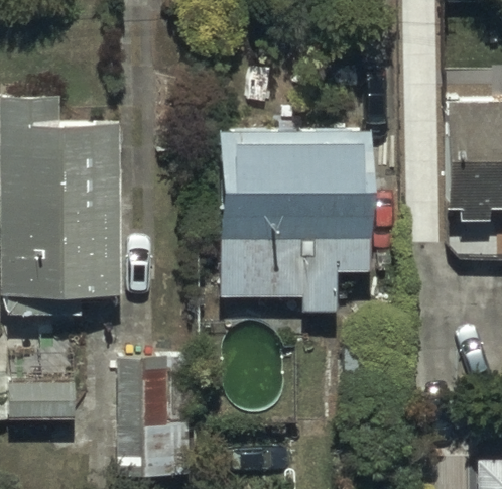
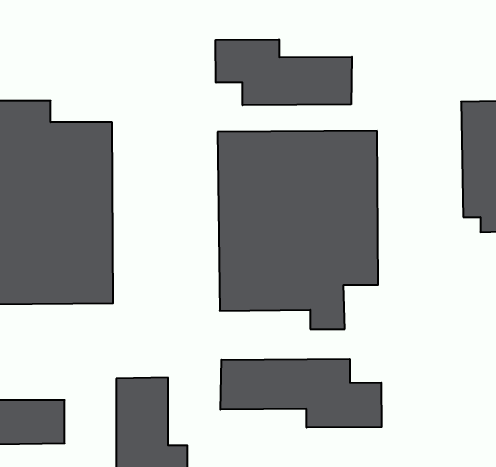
building: none -> [216,39,352,105]
building: none -> [220,359,382,428]

